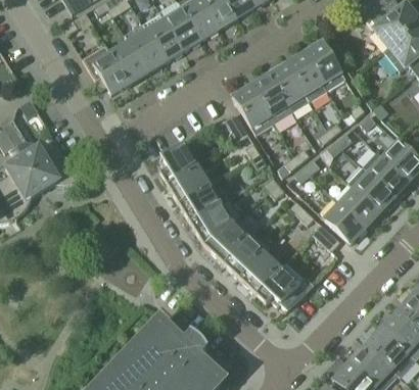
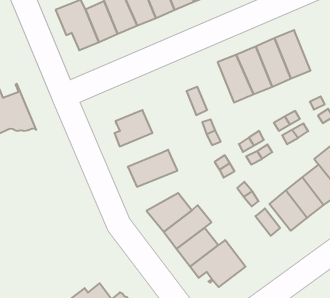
building: [233,85,274,134] -> none
building: [167,165,210,203] -> none
building: [190,199,238,244] -> none

